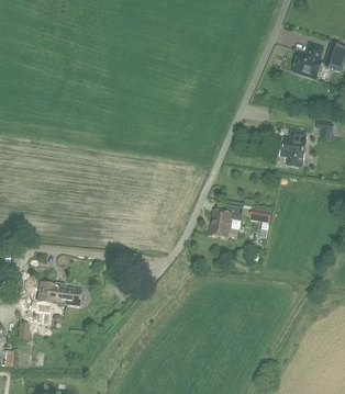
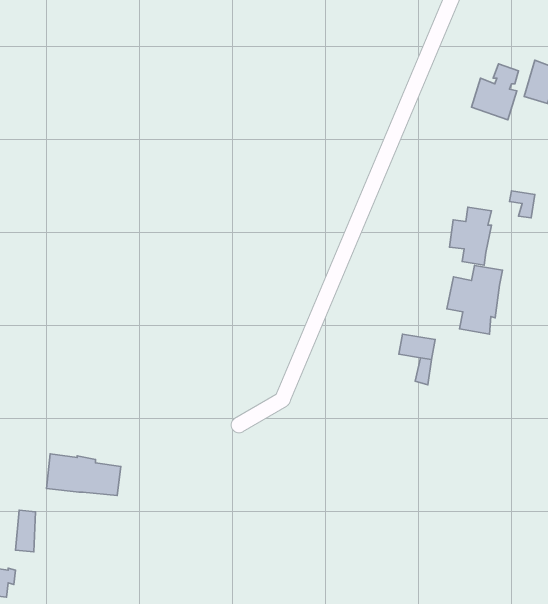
building: none -> [447,266,502,334]
building: [210,205,244,238] -> none

